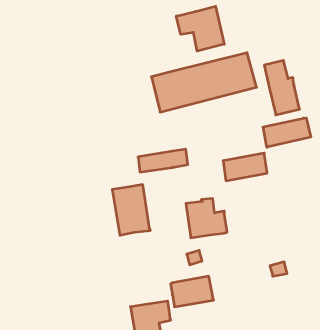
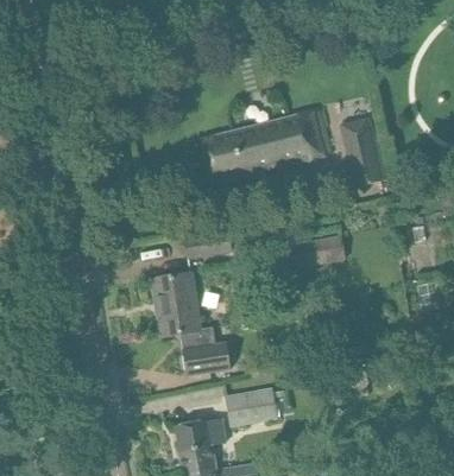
building: [176,6,224,51] -> none
building: [263,118,311,147] -> none
building: [186,199,227,238] -> [179,324,231,373]

